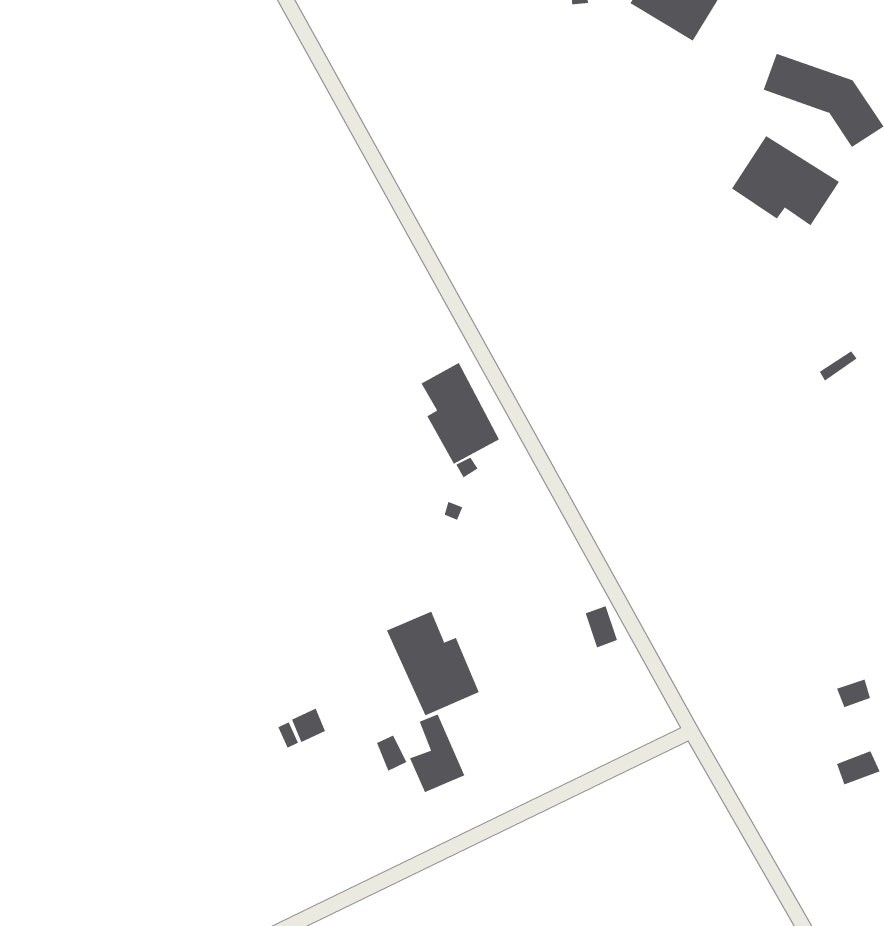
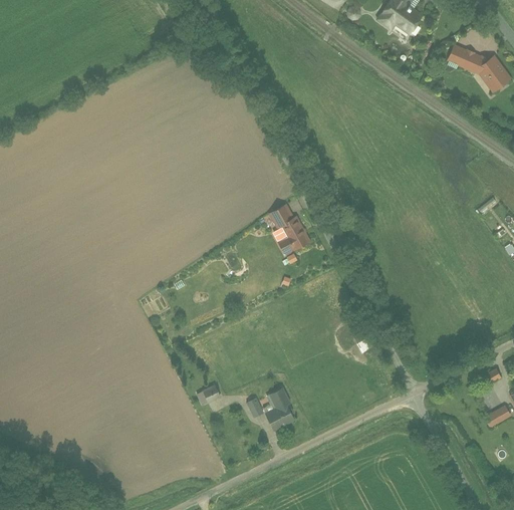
building: [731,135,840,226] -> none
building: [386,611,479,716] -> none

